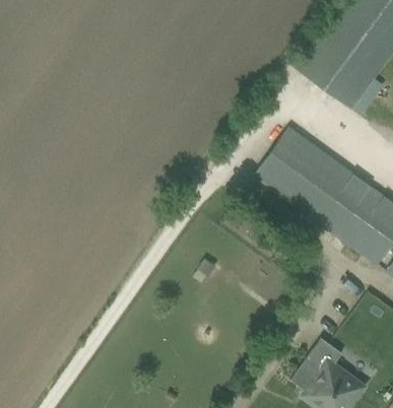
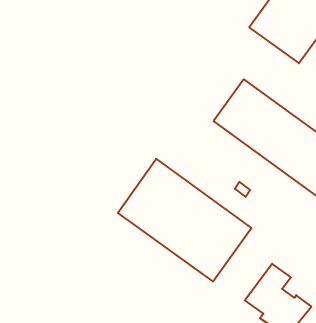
building: none -> [118,159,252,281]

